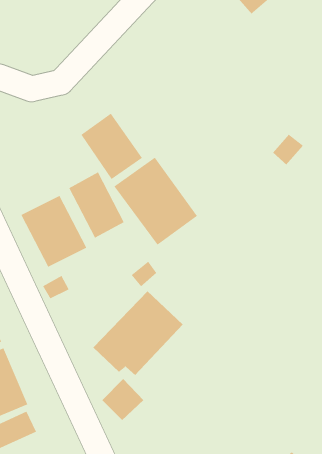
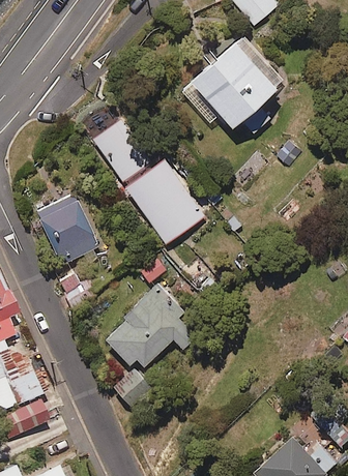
building: none -> [180,34,283,136]
building: [69,172,124,239] -> none

